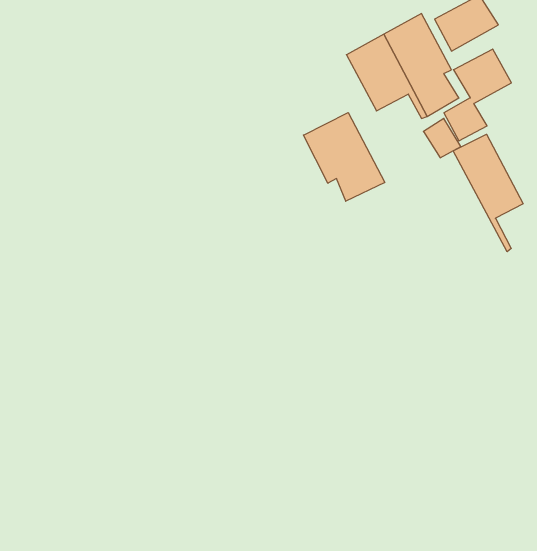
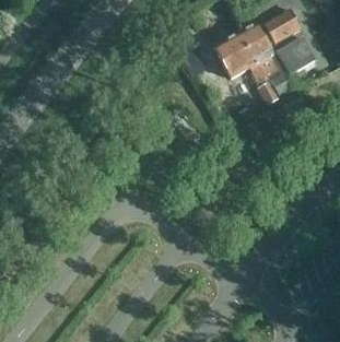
building: [303,113,385,201] -> none
building: [453,134,523,252] -> none

